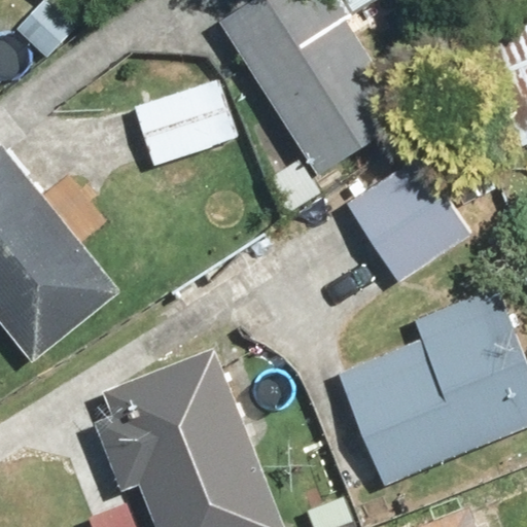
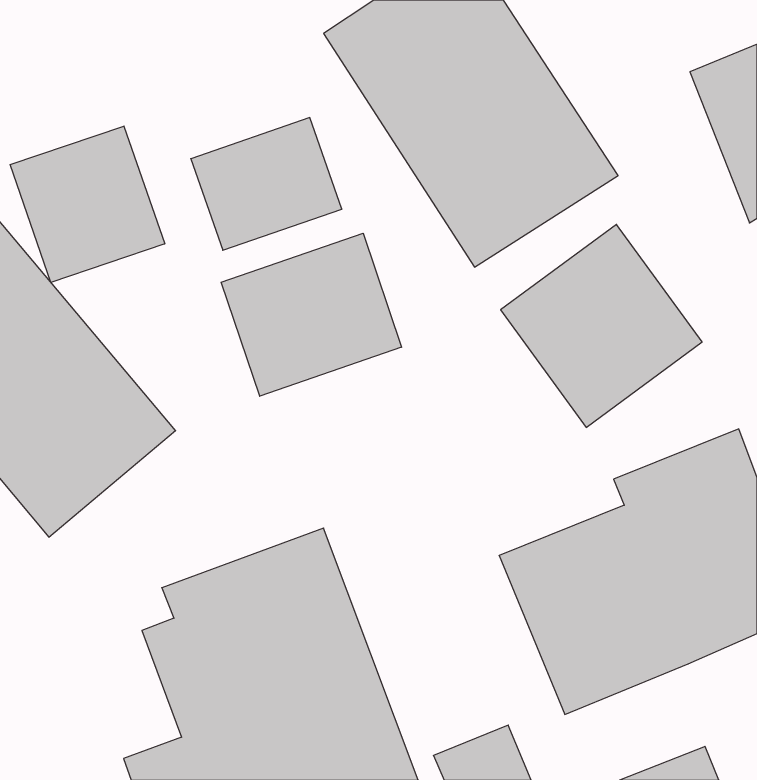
building: none -> [10,126,165,282]
building: none -> [221,233,402,396]

